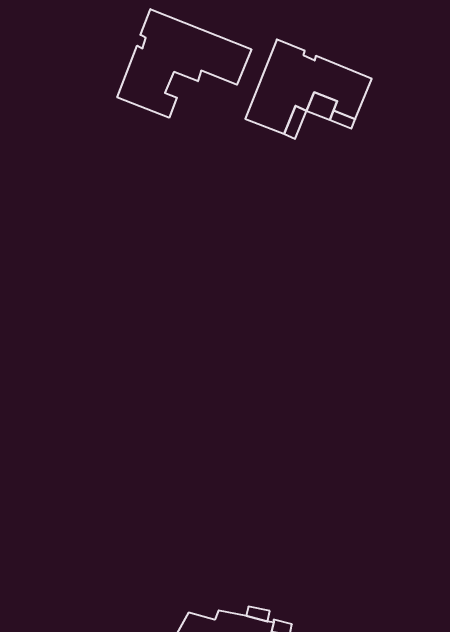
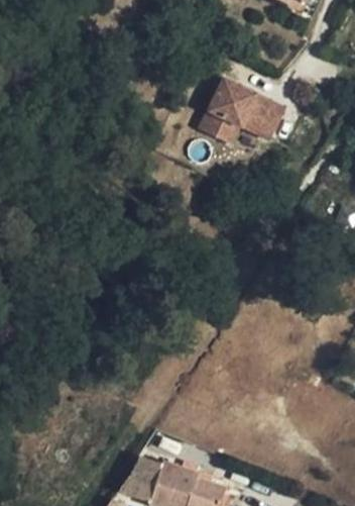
building: [117,9,251,118] -> none

